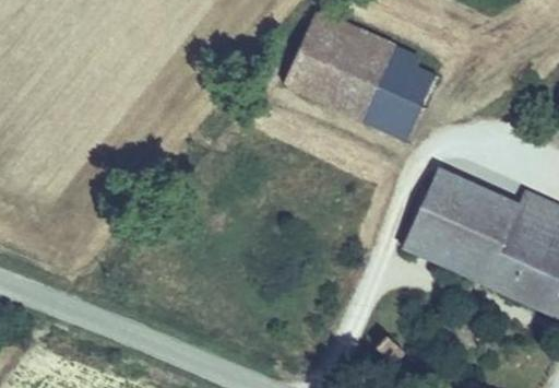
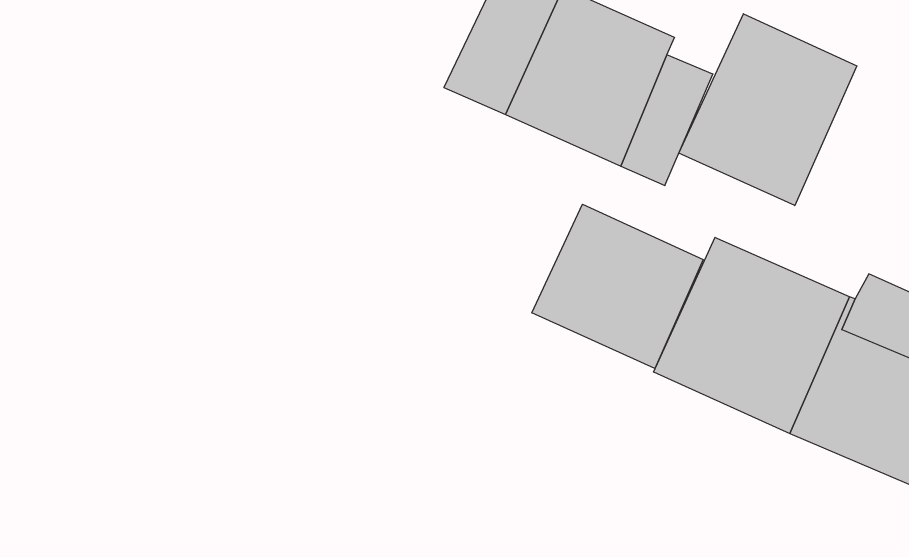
building: none -> [679,14,857,206]
building: none -> [532,204,703,368]

